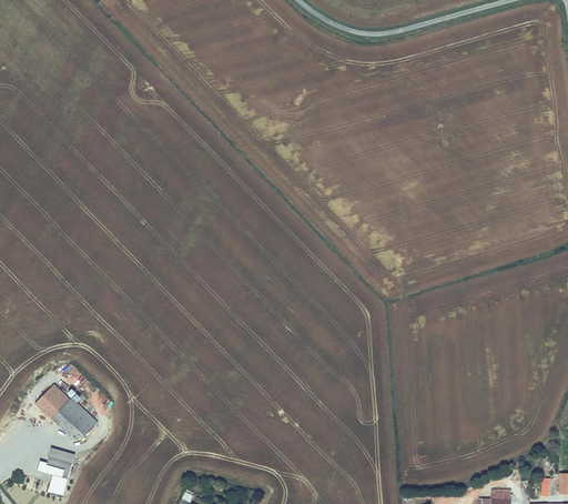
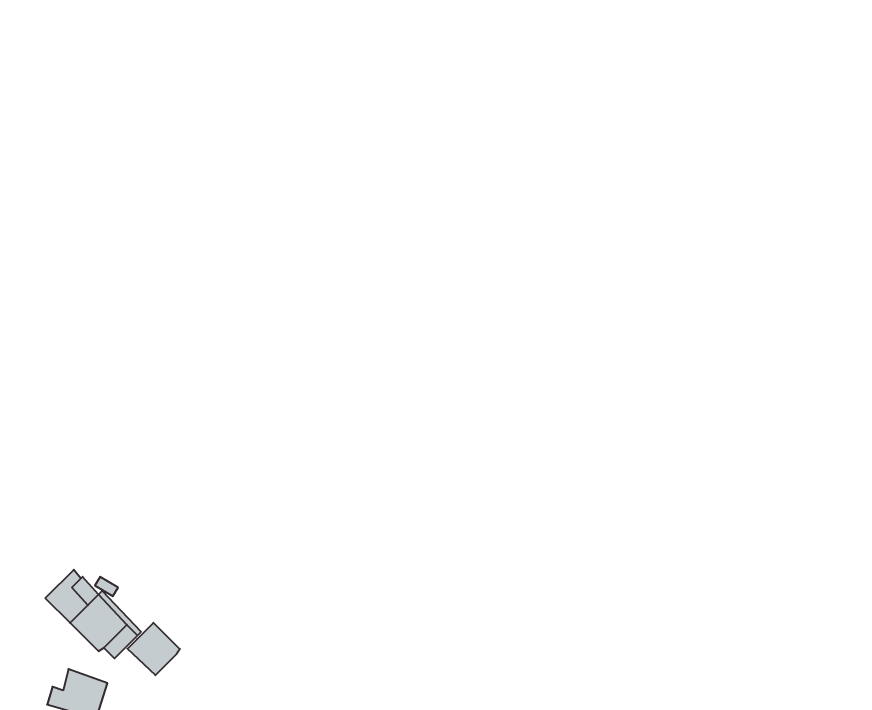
building: none -> [127,623,180,675]

